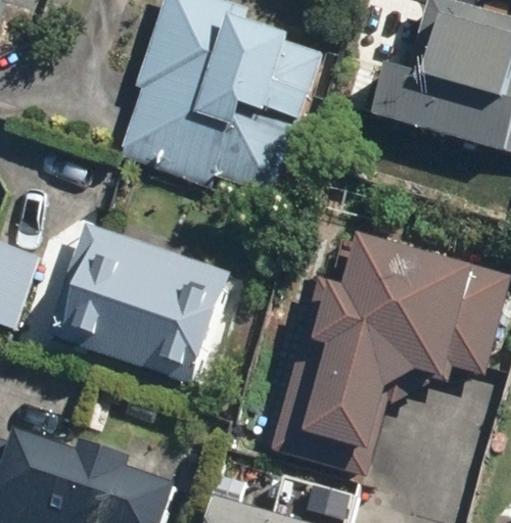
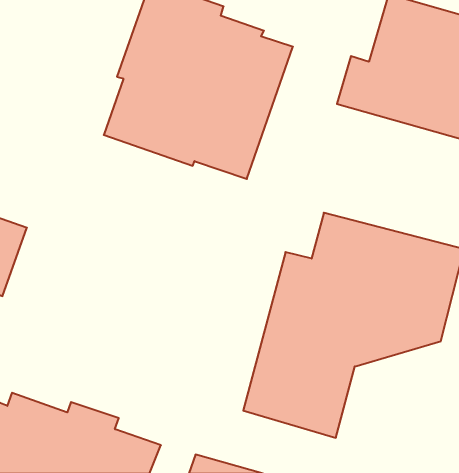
building: [44,223,227,387] -> none

